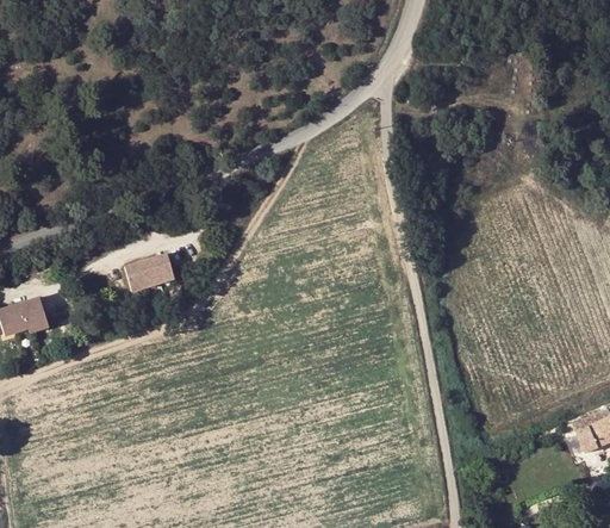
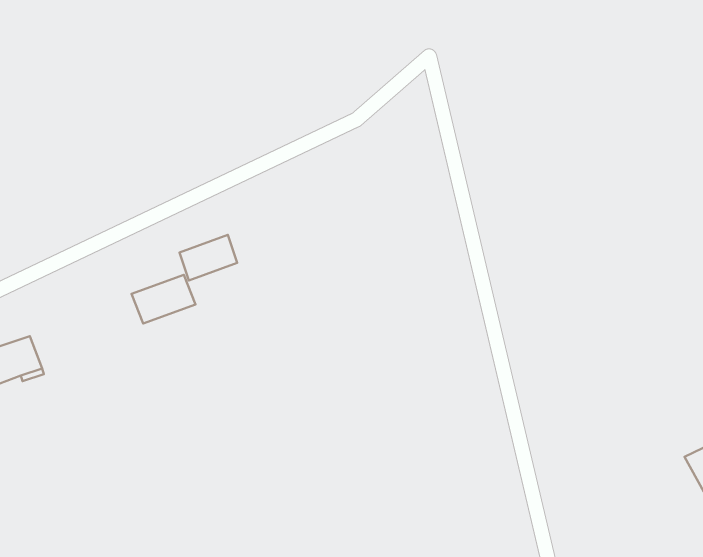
building: none -> [180,235,237,280]

